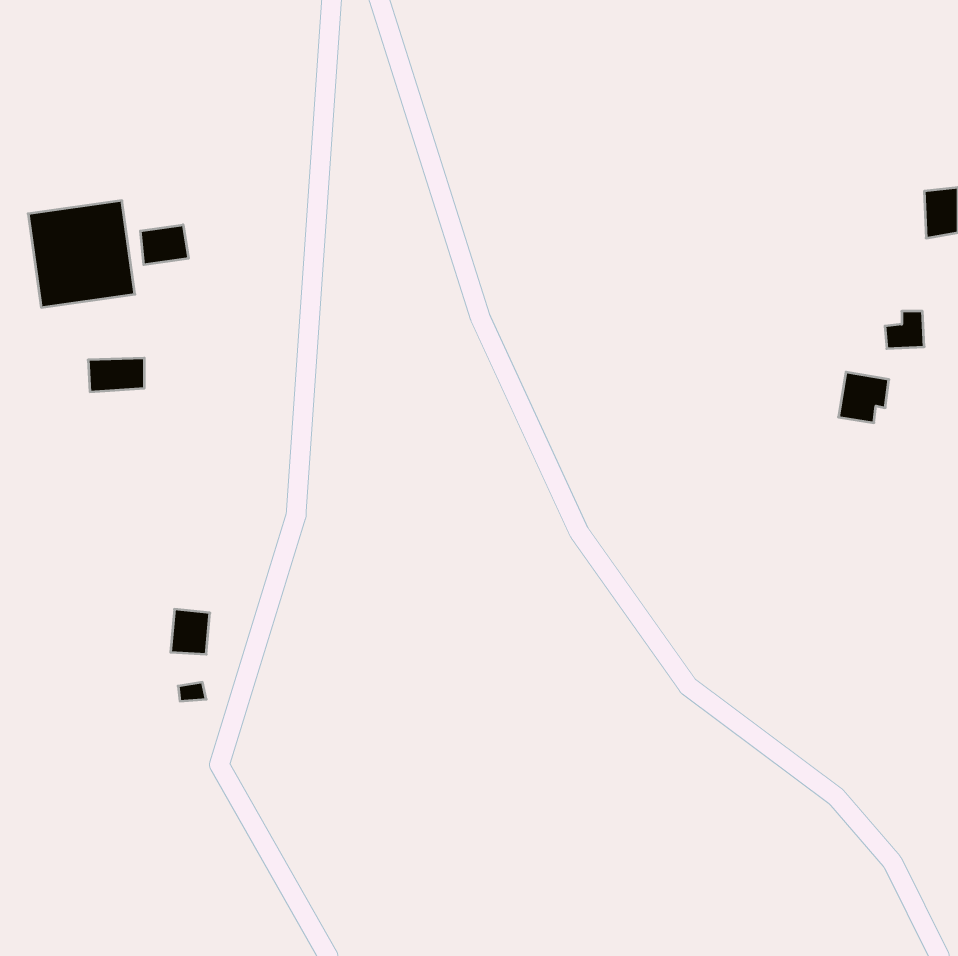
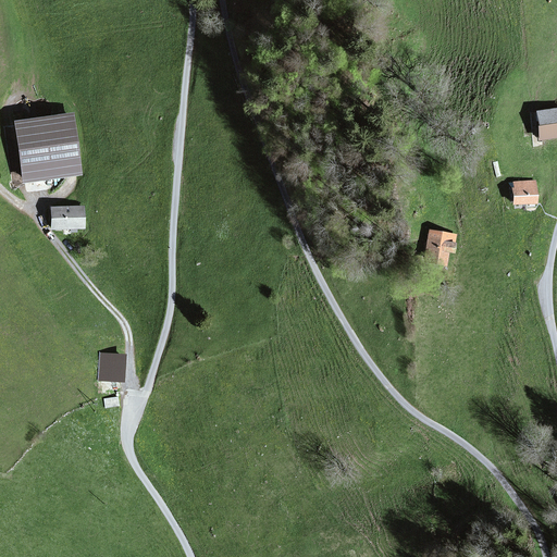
building: [140,225,188,265] -> none
building: [838,372,889,423] -> [424,231,454,260]

